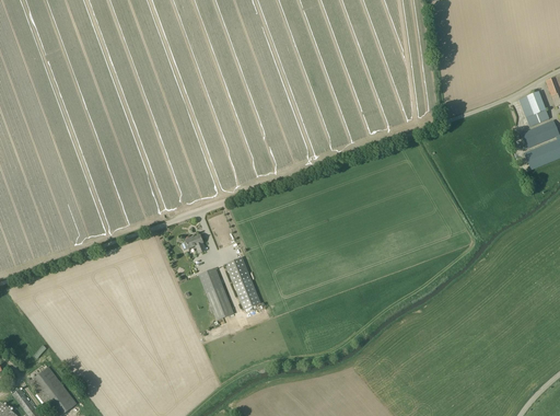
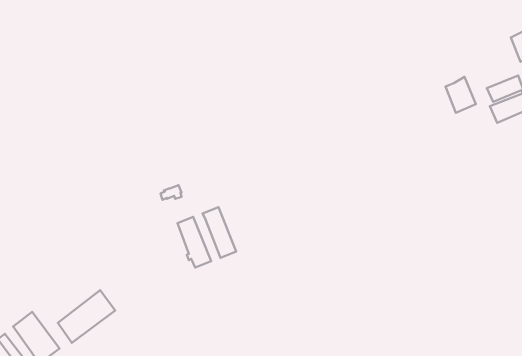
building: [518,90,550,127] -> [445,77,476,113]
building: none -> [58,290,115,343]

